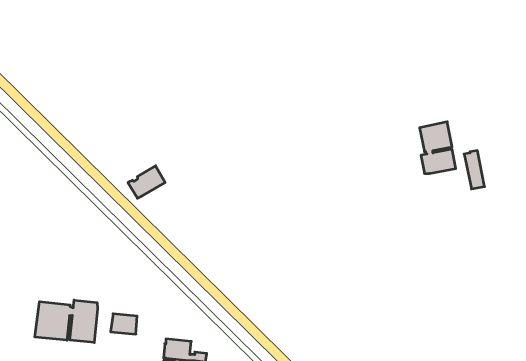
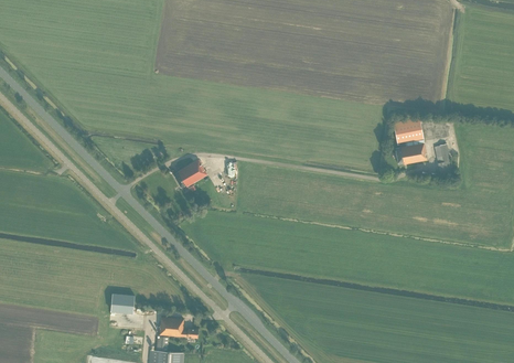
building: [128,166,165,198] -> [172,159,206,189]
building: [35,300,98,343] -> none

